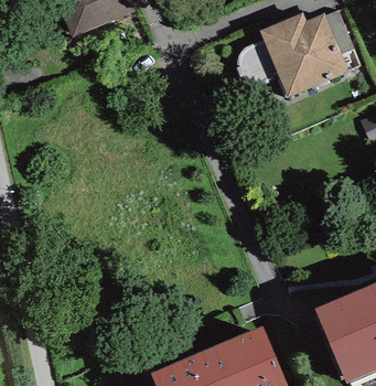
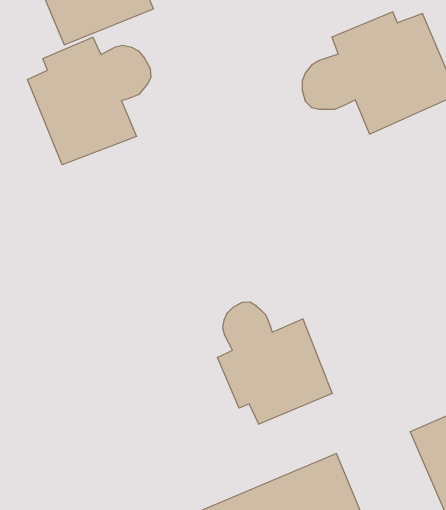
building: none -> [27,37,151,165]
building: none -> [217,302,332,424]

